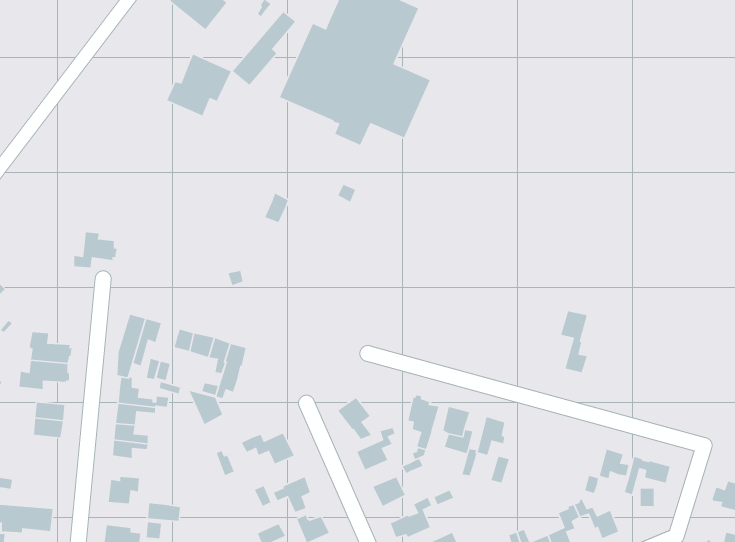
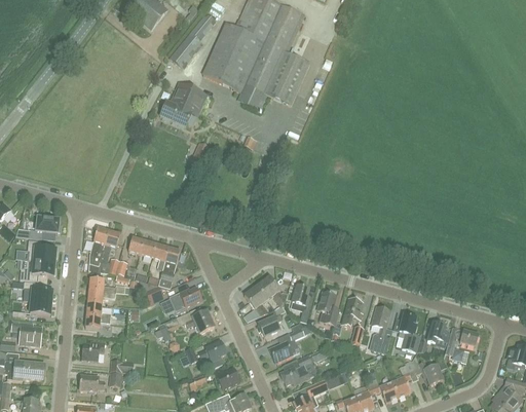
building: [166,54,232,116] -> [160,81,206,125]
building: [74,232,117,268] -> [30,212,61,237]
building: [560,310,588,373] -> [371,306,390,350]
building: none -> [257,275,288,306]
building: none -> [168,286,201,309]
building: none -> [398,313,419,350]
building: none -> [11,317,41,344]

